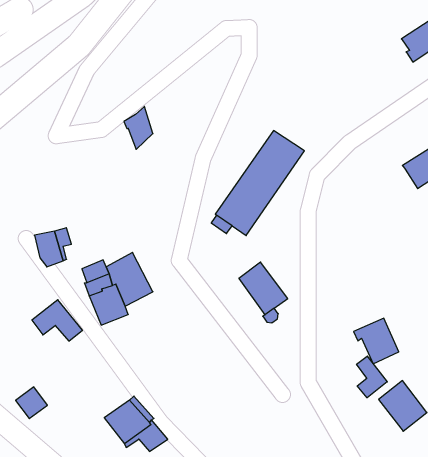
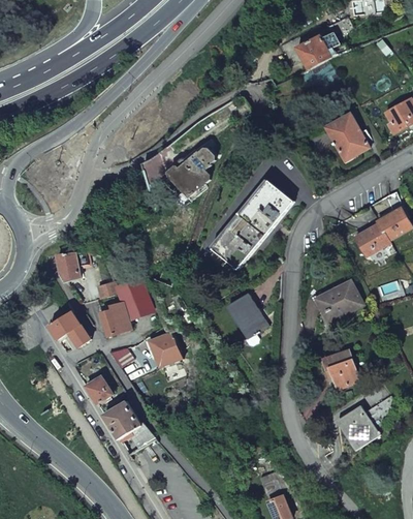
building: none -> [324,113,368,160]
building: none -> [167,139,214,195]
building: none -> [352,223,388,256]
building: none -> [314,279,362,322]
building: none -> [147,331,180,367]
building: [357,356,387,398] -> none
building: [16,387,47,419] -> [85,376,112,403]

